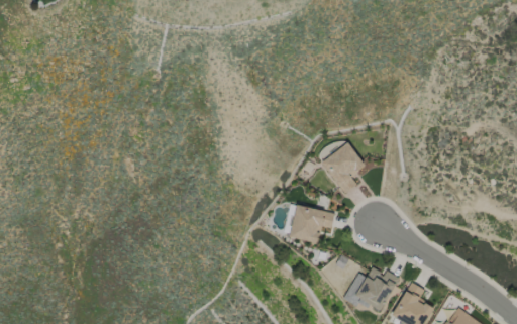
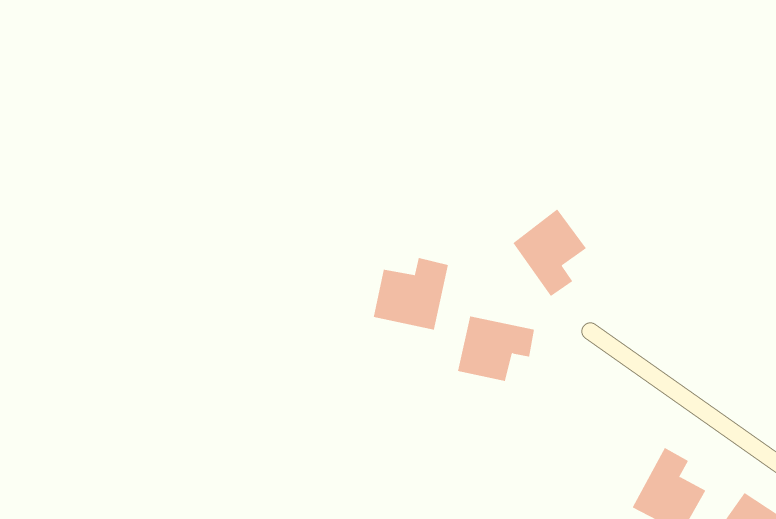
building: none -> [373,257,449,330]
building: [347,266,398,310] -> none

